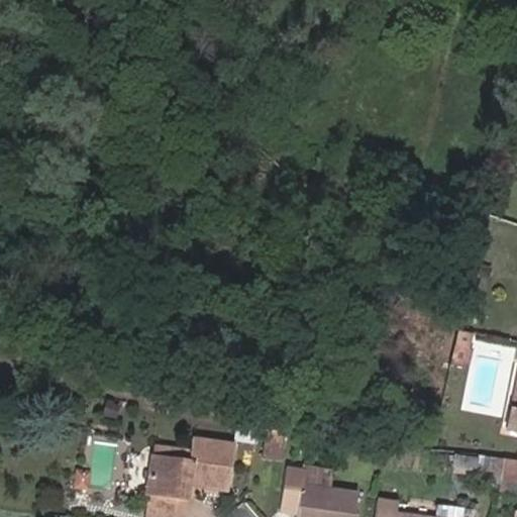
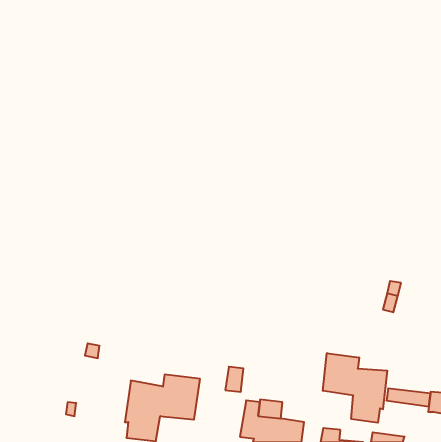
building: none -> [323,353,387,423]

